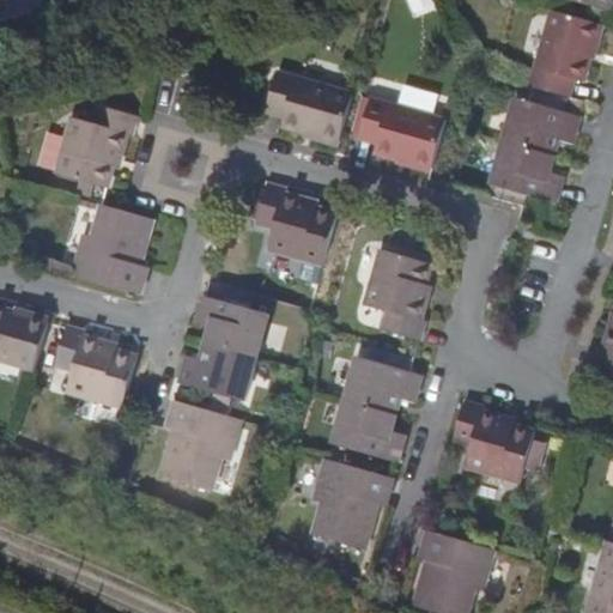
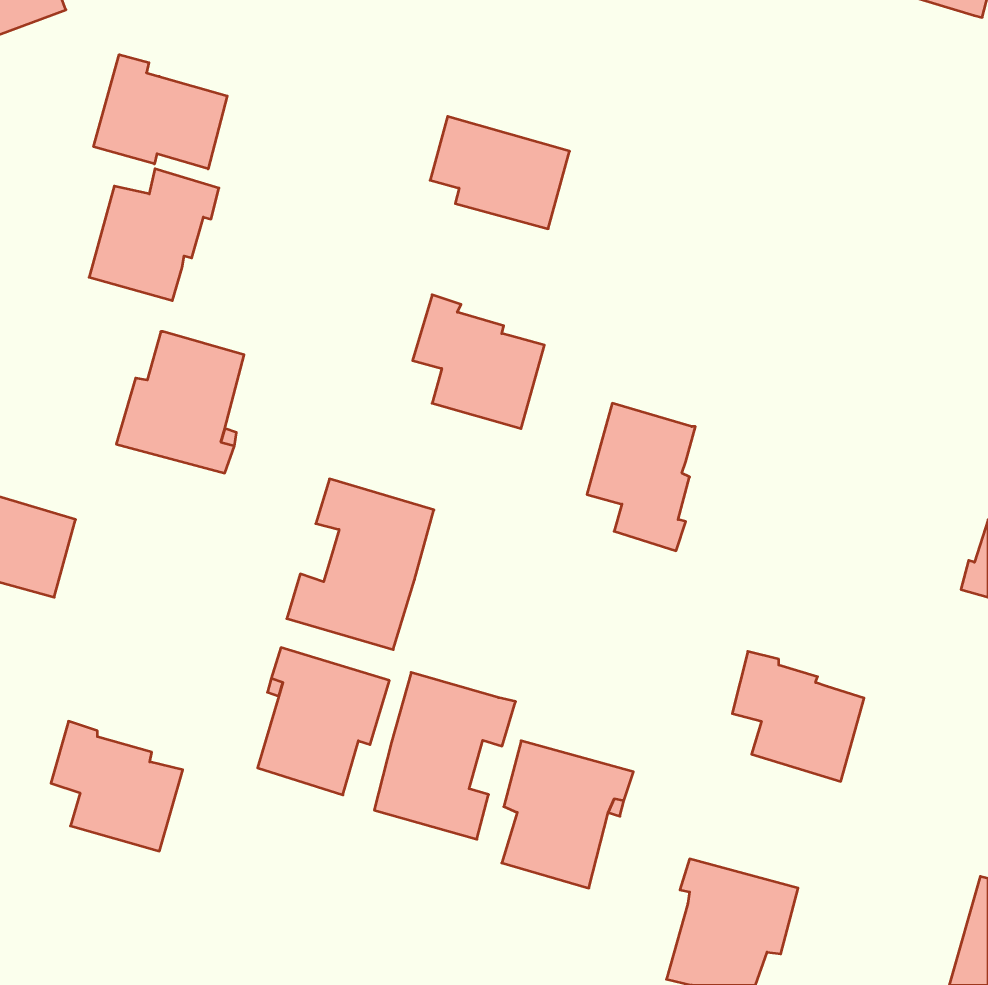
building: [529,10,599,97] -> none
building: none -> [94,55,227,169]
building: [488,97,578,202] -> none
building: [358,99,444,168] -> none
building: [54,326,135,406] -> [51,721,183,851]
building: [333,357,420,460] -> [374,672,516,839]

